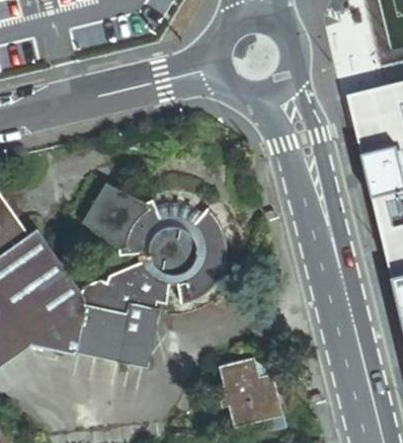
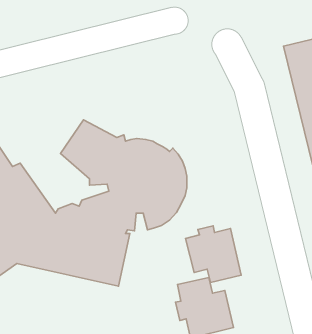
building: none -> [186,226,241,282]

